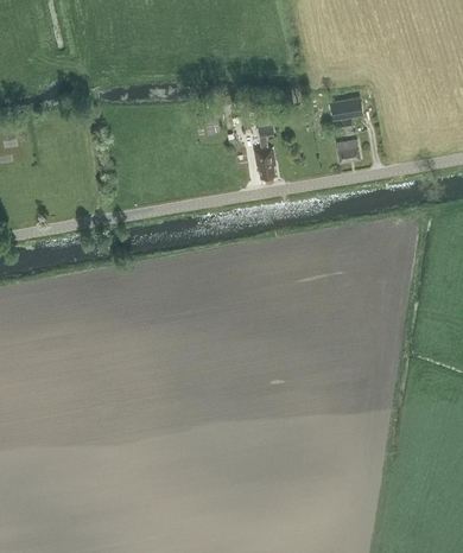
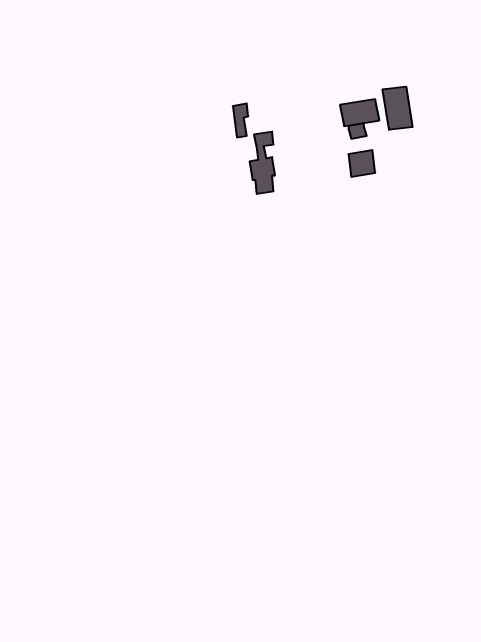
building: none -> [383,87,413,130]

